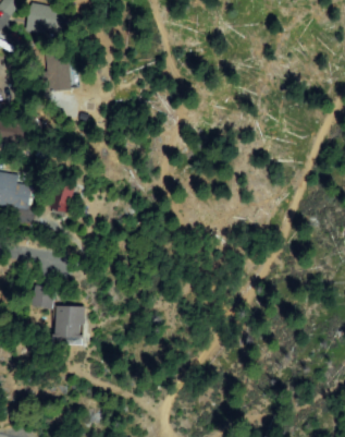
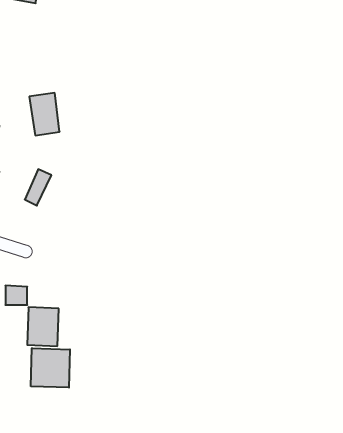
building: [44,53,71,92] -> [29,93,60,135]
building: none -> [31,348,70,388]

